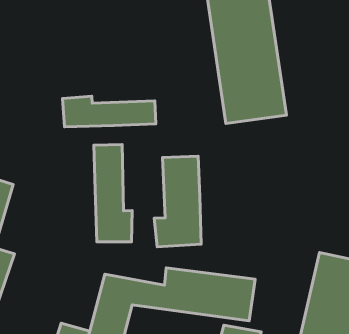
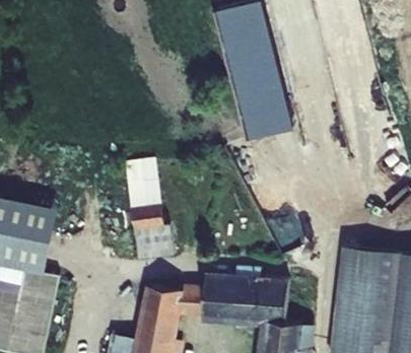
building: [62,96,156,127] -> none
building: [154,156,201,247] -> none

